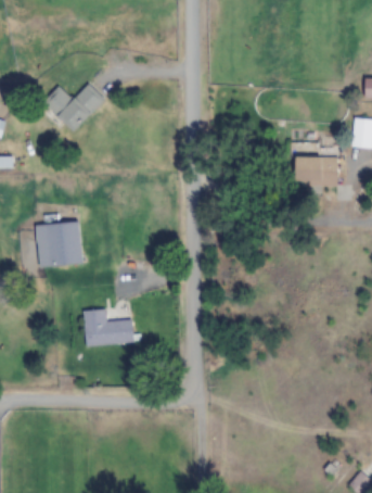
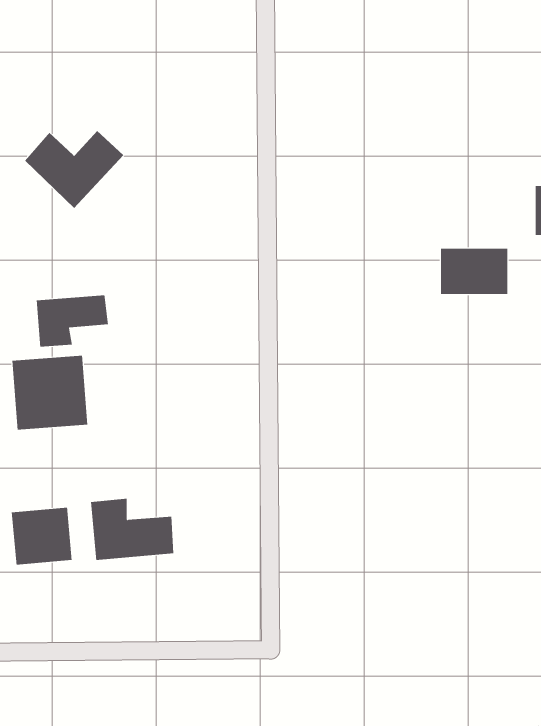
building: none -> [36,295,108,348]
building: none -> [11,507,72,566]

